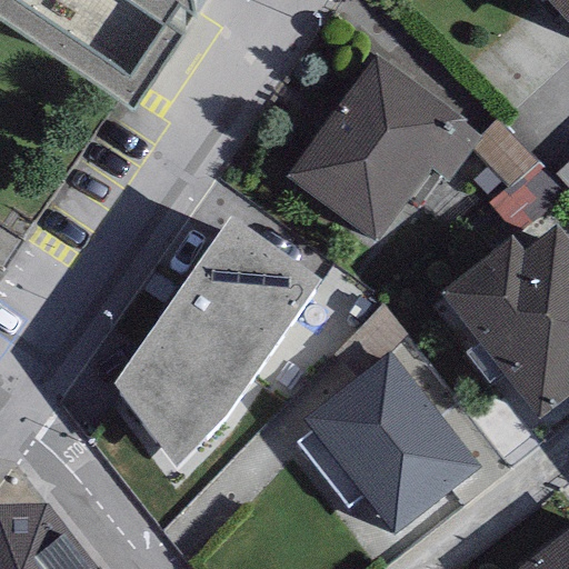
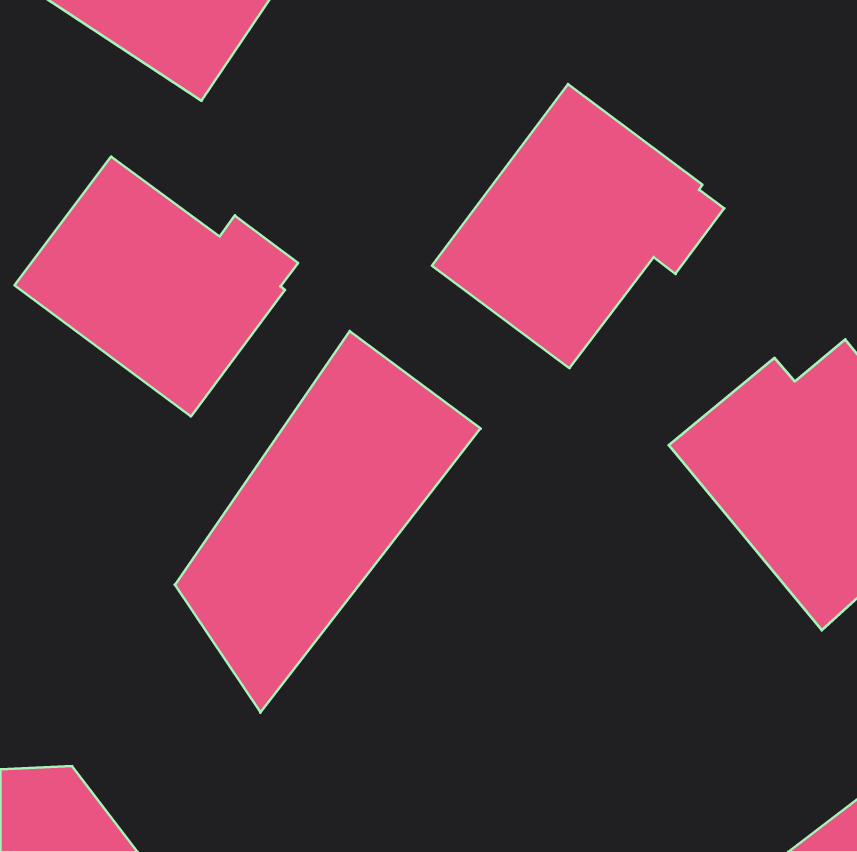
building: none -> [15,157,298,416]
building: [302,353,480,537] -> none

